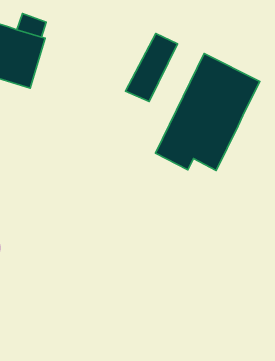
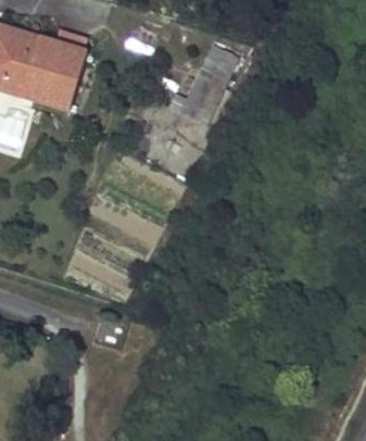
building: [156,54,260,171] -> none

